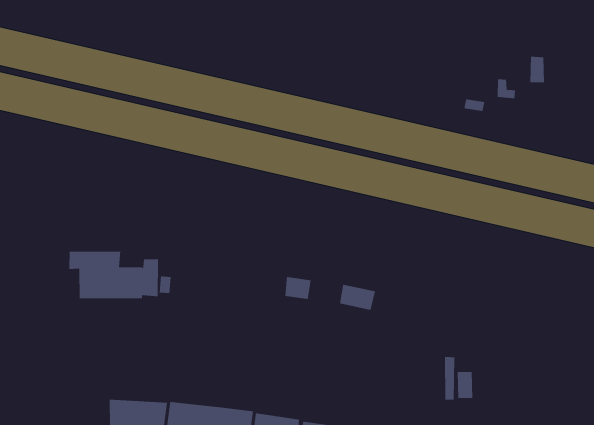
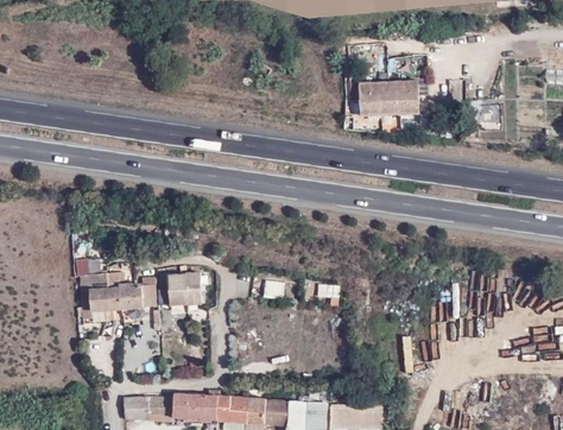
building: none -> [358,81,418,116]
building: none -> [167,272,201,305]

